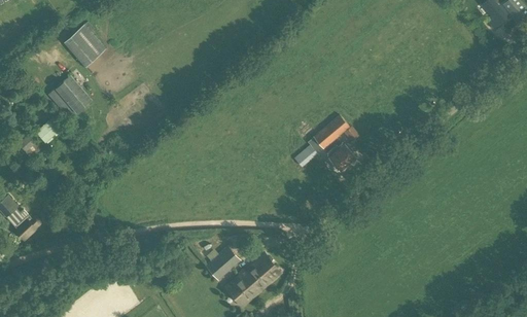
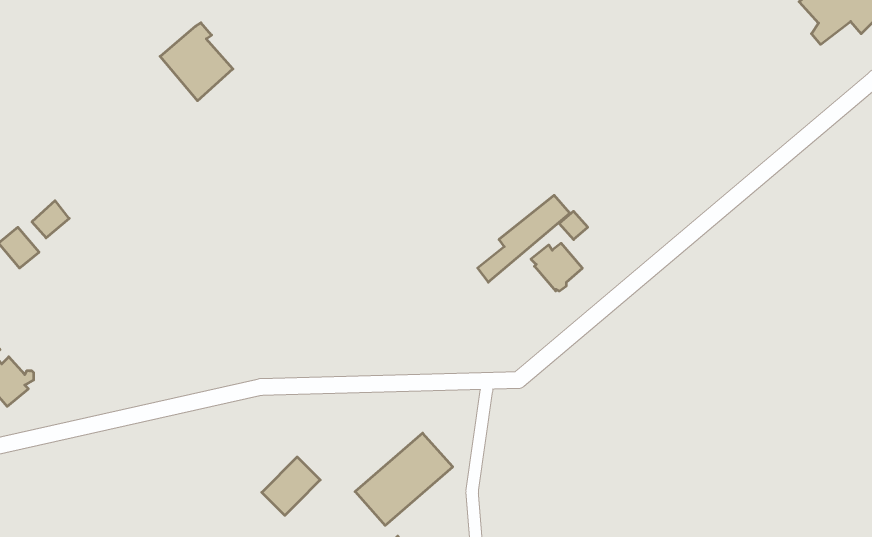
building: [64,22,106,67] -> [160,23,233,101]
building: [48,76,92,119] -> none
building: [205,248,239,282] -> [262,457,320,515]

